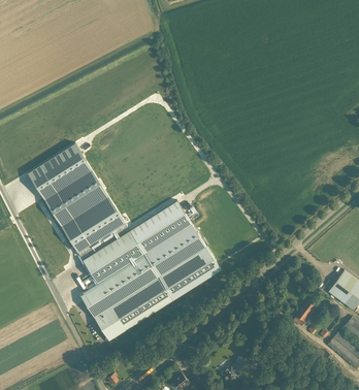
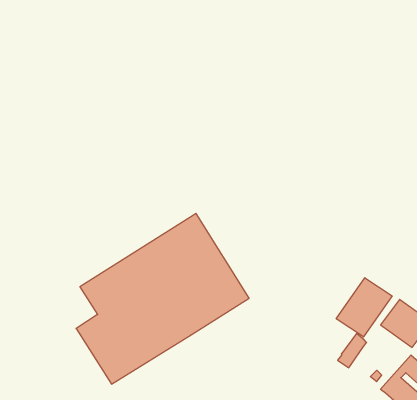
building: [27,142,127,256] -> none
building: none -> [336,278,392,337]

